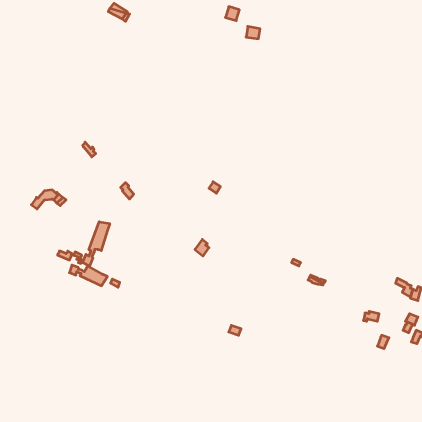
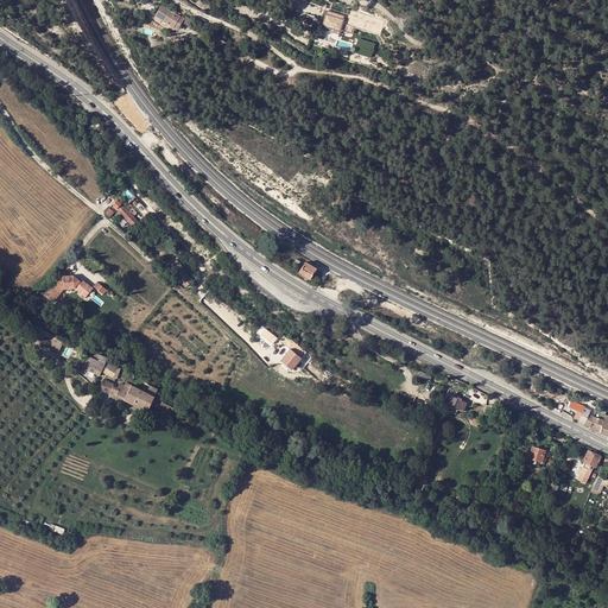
building: [83,222,110,266] -> none

